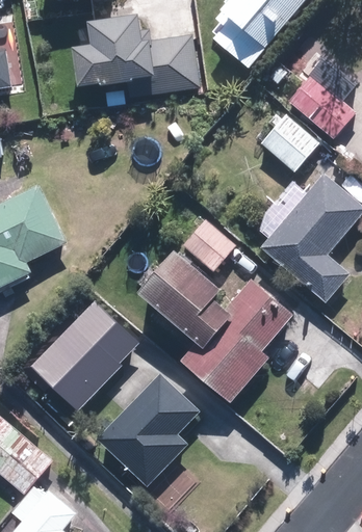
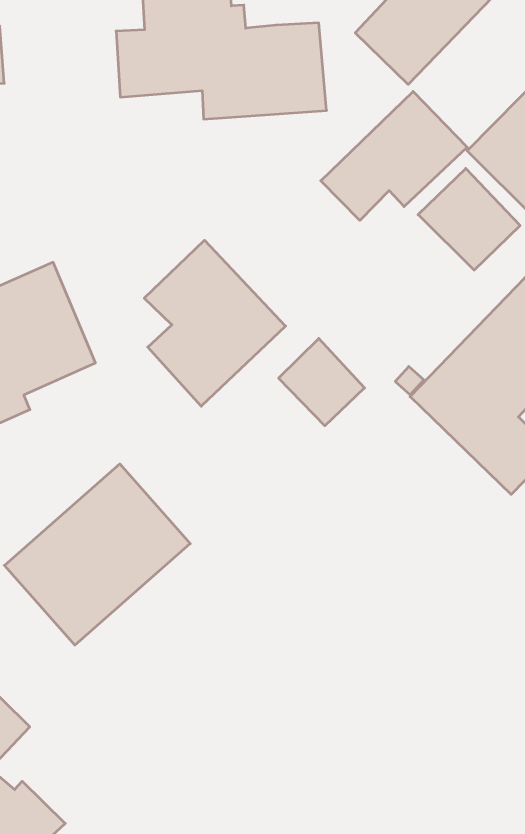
building: none -> [321,91,467,220]
building: none -> [144,240,286,406]
building: [140,252,289,402] -> none
building: [99,373,200,485] -> none

